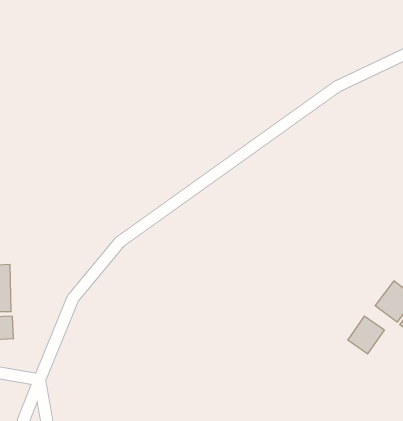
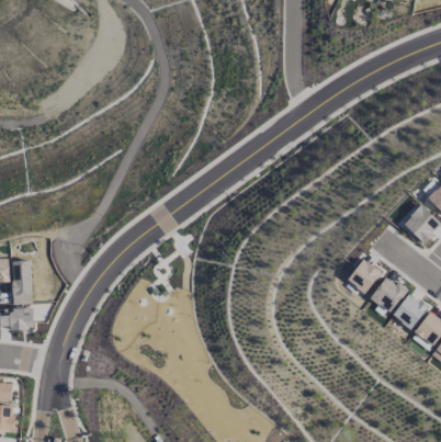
building: [348,316,384,354] -> [348,259,382,294]

